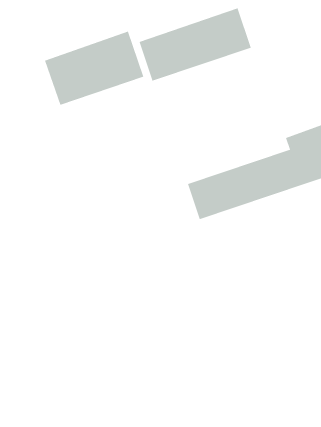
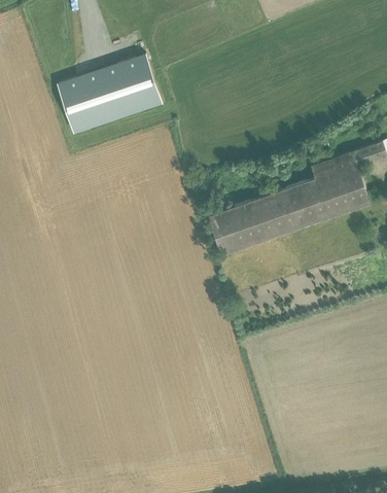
building: [139,8,252,82] -> none

